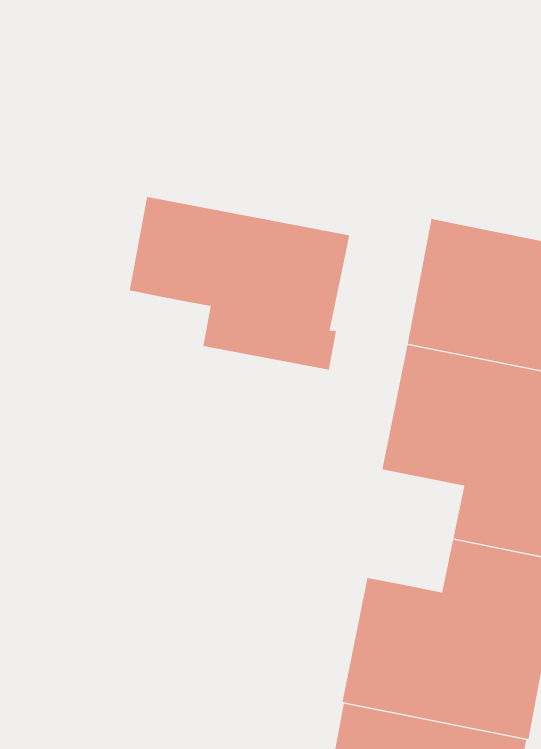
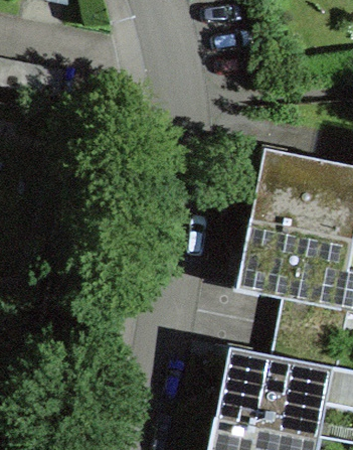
building: [129,196,350,370] -> none

